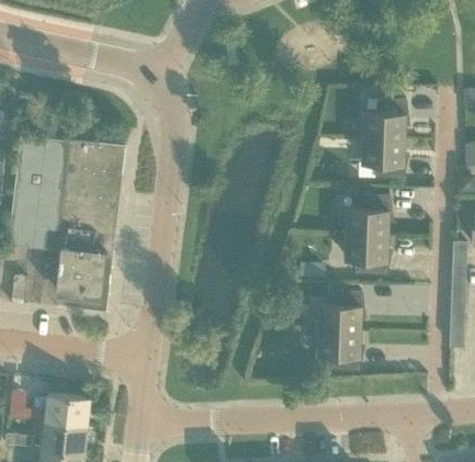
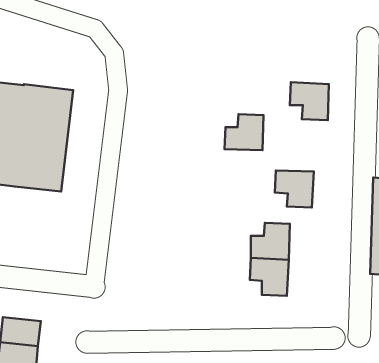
building: [362,100,405,140] -> none
building: [346,196,388,236] -> [224,114,264,150]
building: [55,252,111,312] -> none

